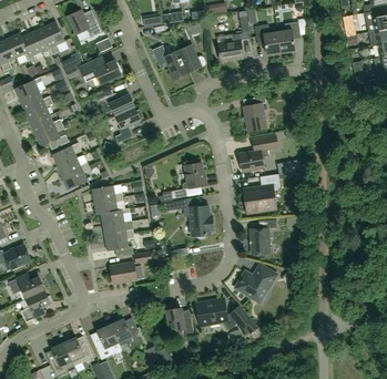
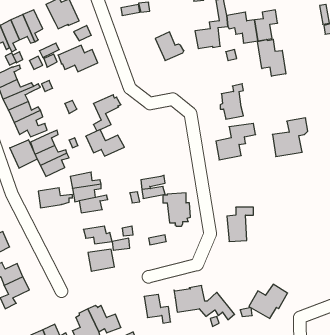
building: [153,44,187,79] -> none
building: none -> [258,39,286,76]
building: [96,89,135,115] -> [86,130,124,156]
building: none -> [10,140,37,168]
building: [182,162,206,188] -> none
building: [245,173,281,212] -> [272,118,308,157]
building: [103,222,138,242] -> [38,188,72,208]
building: [236,265,275,299] -> [249,284,288,318]

